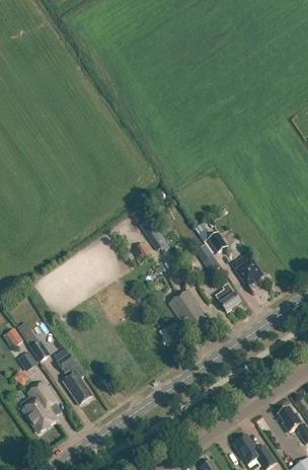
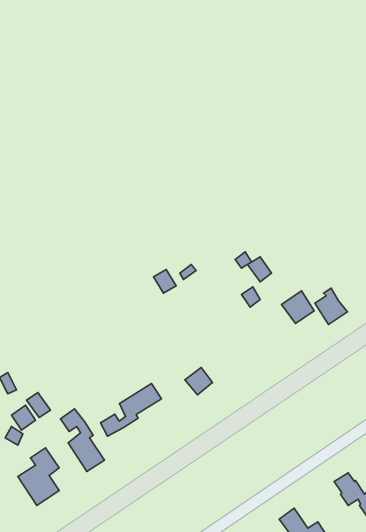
building: [214,283,240,312] -> [315,288,347,325]
building: [168,289,211,334] -> none
building: none -> [100,383,161,436]

